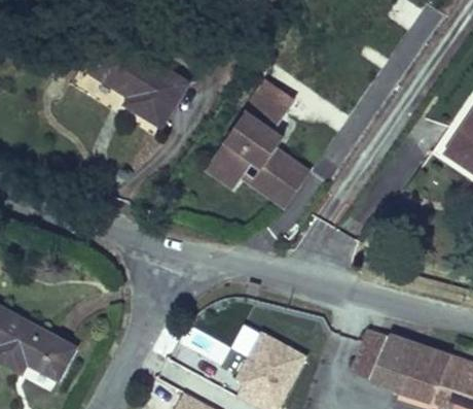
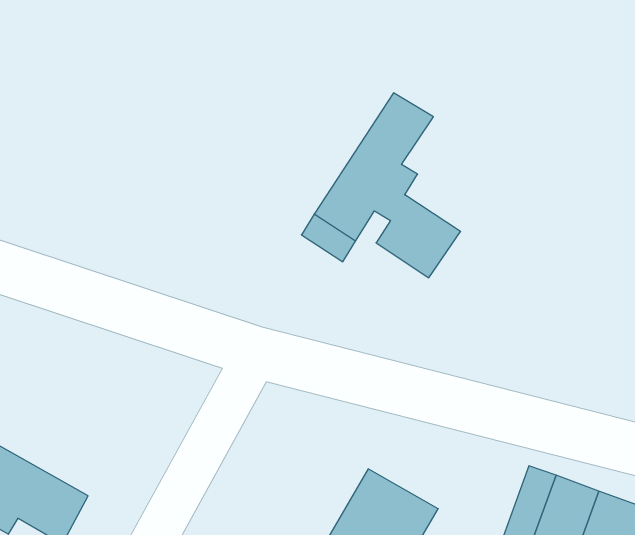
building: [95,38,189,126] -> none

